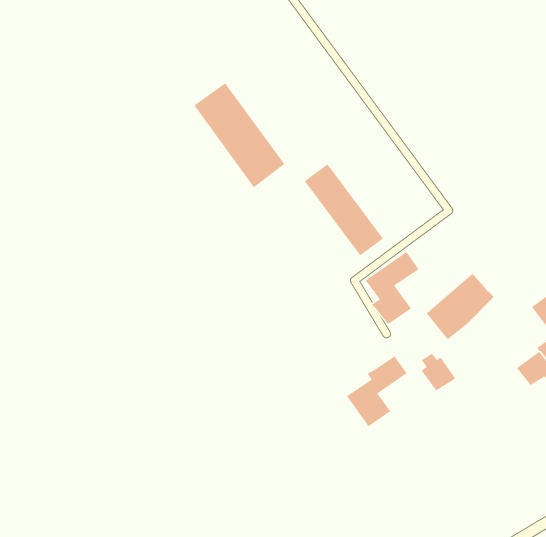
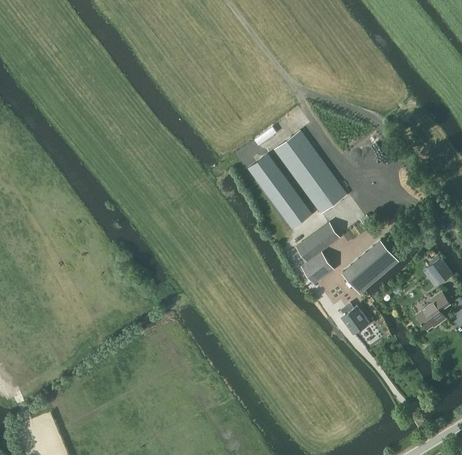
building: [194,83,285,188] -> [274,131,346,214]
building: [346,356,408,427] -> none

